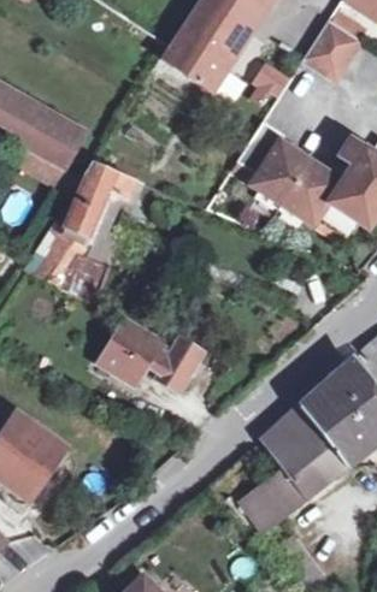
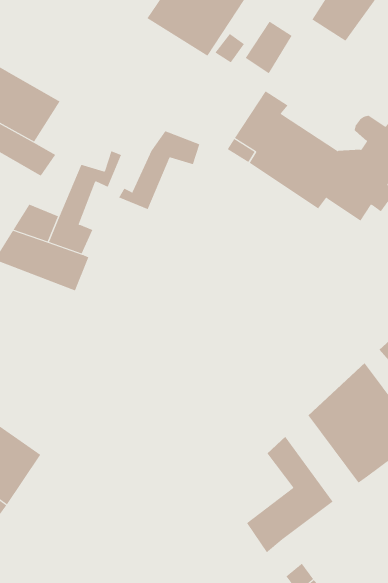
building: [55,164,128,233] -> [118,131,200,210]
building: [96,320,201,392] -> none
building: [282,409,346,485] -> none

